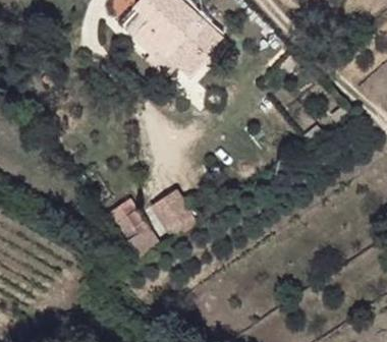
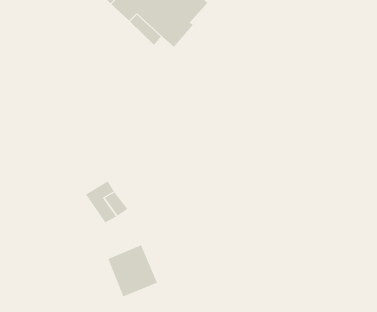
building: [149,187,196,236] -> [108,244,158,297]

